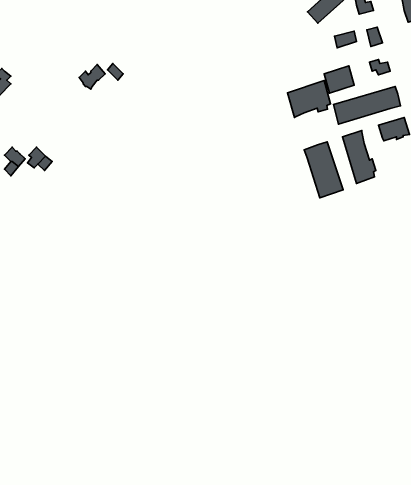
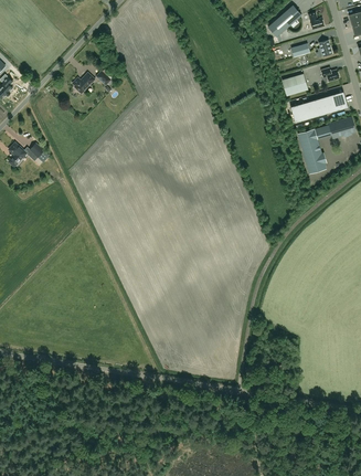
building: [287,80,331,118] -> none
building: [304,142,343,198] -> none

